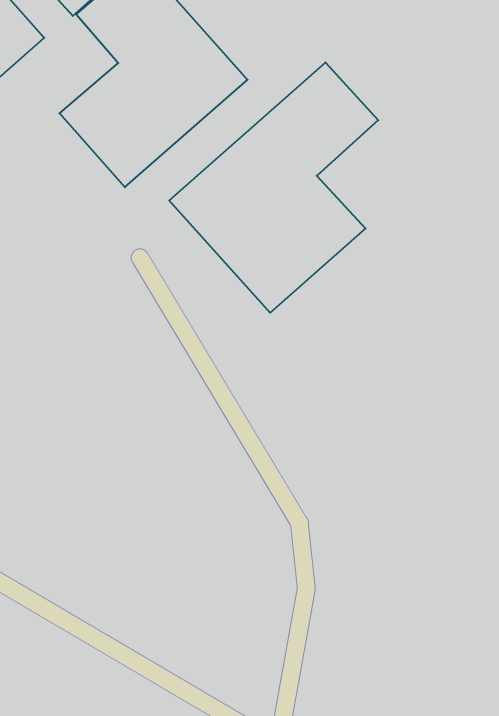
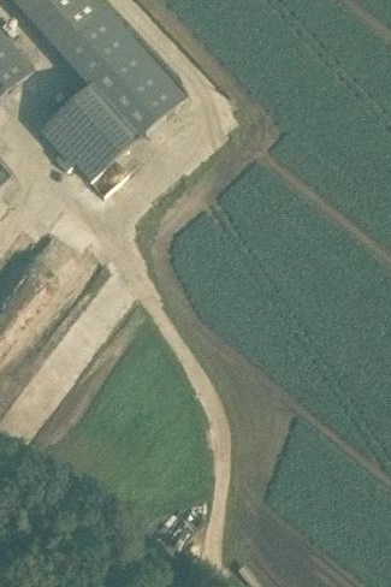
building: [169,62,378,313] -> none

